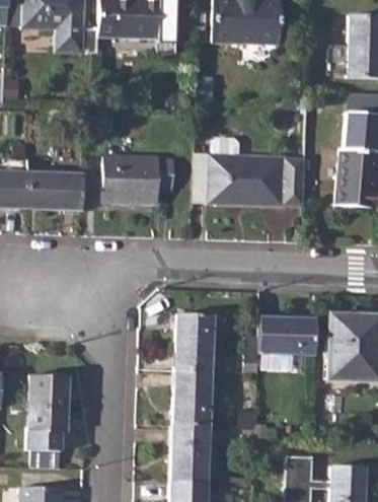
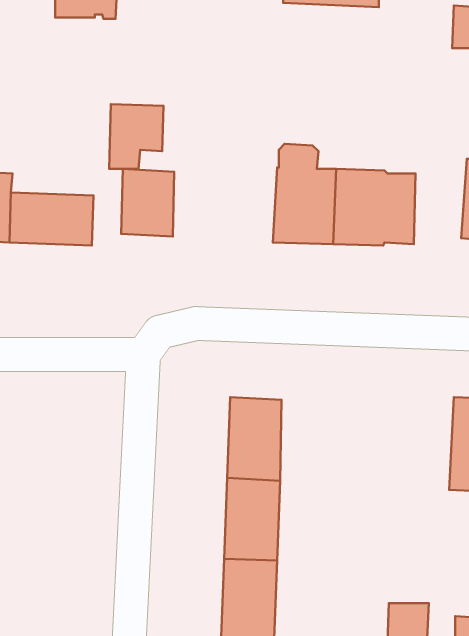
building: [138,158,175,203] -> [109,104,164,169]
building: [259,317,315,354] -> none
building: [27,375,69,450] -> none

